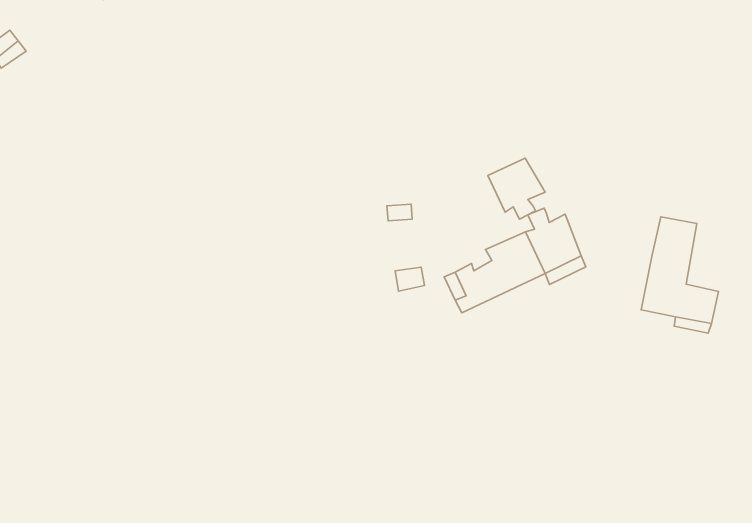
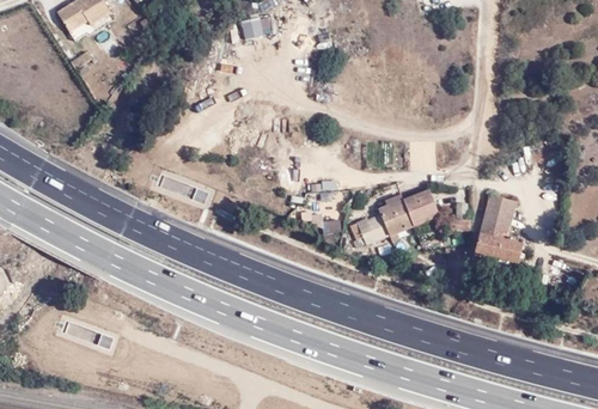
building: [488,158,545,219] -> none

